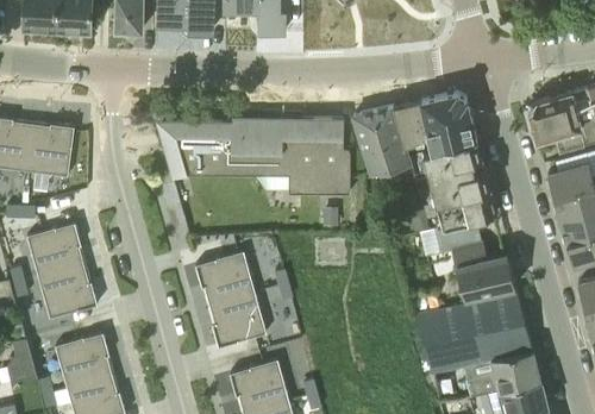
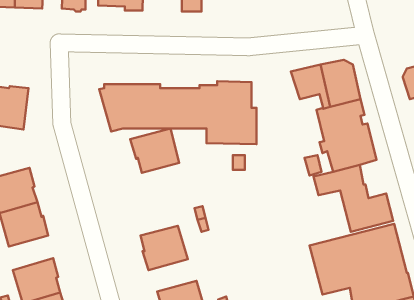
building: [351,106,409,172] -> none
building: [195,251,255,305] -> [130,128,179,173]

